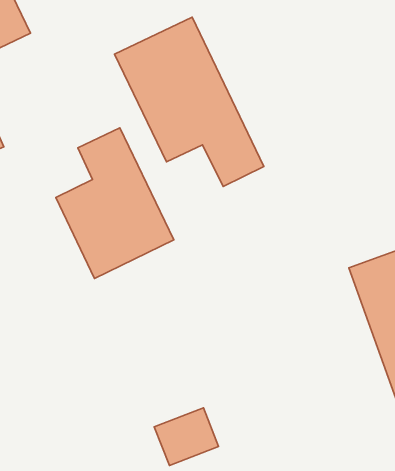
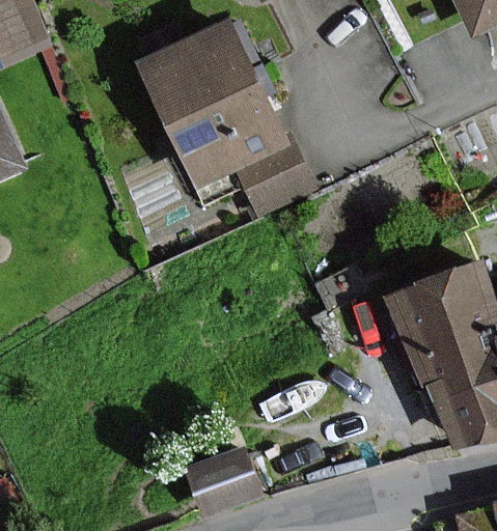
building: [56,128,174,278] -> none

